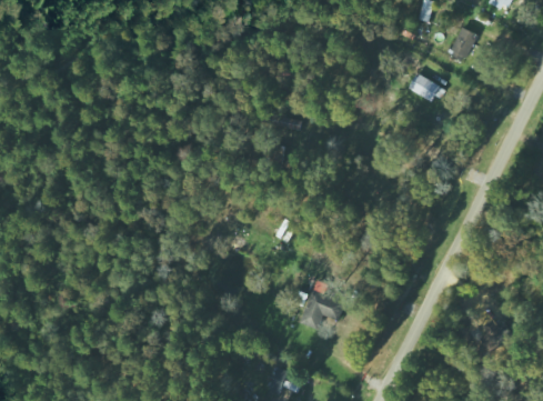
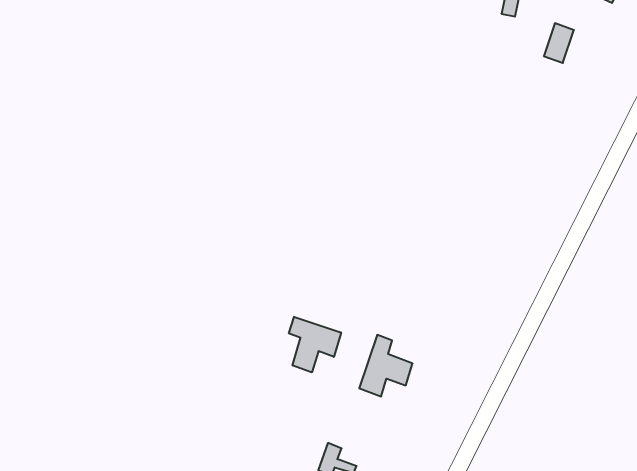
building: [406,72,443,103] -> none
building: none -> [289,317,341,372]

